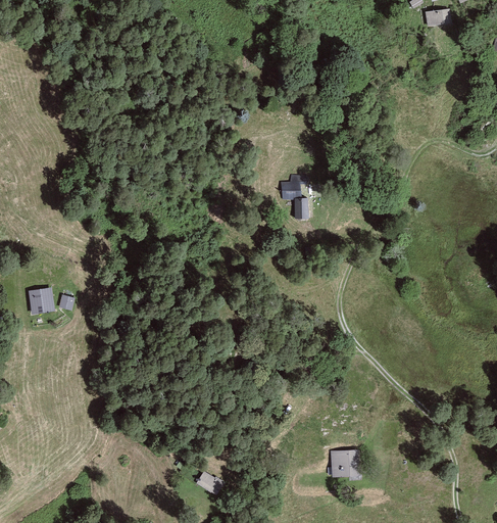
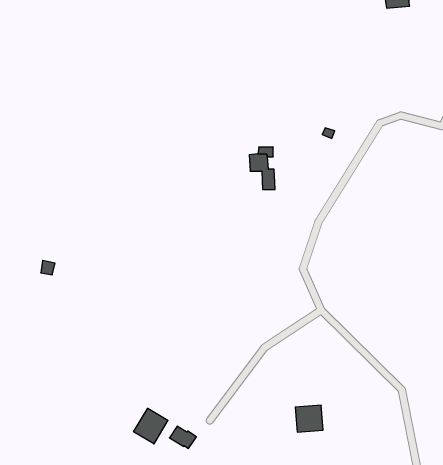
building: [28,287,55,314] -> none
building: none -> [134,408,168,444]

